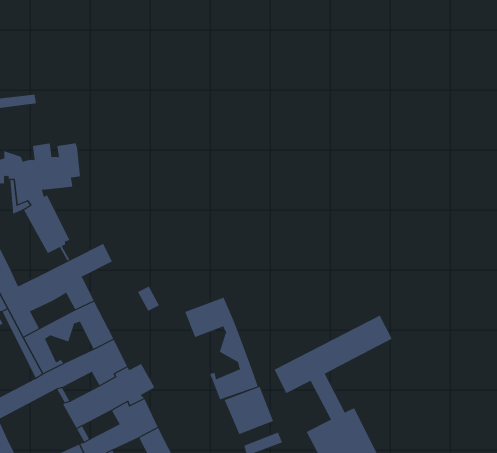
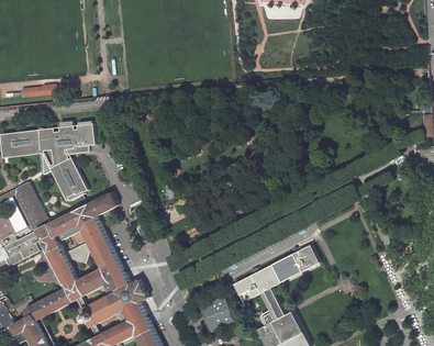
building: [184,297,258,400] -> none

